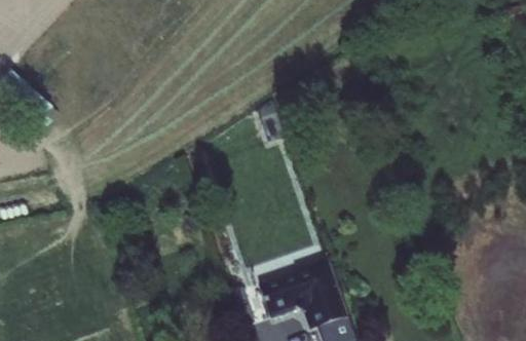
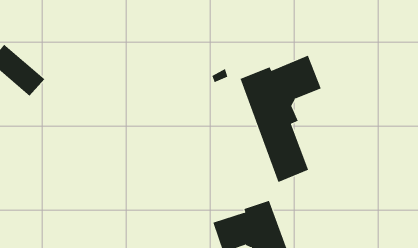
building: none -> [240,55,322,183]

